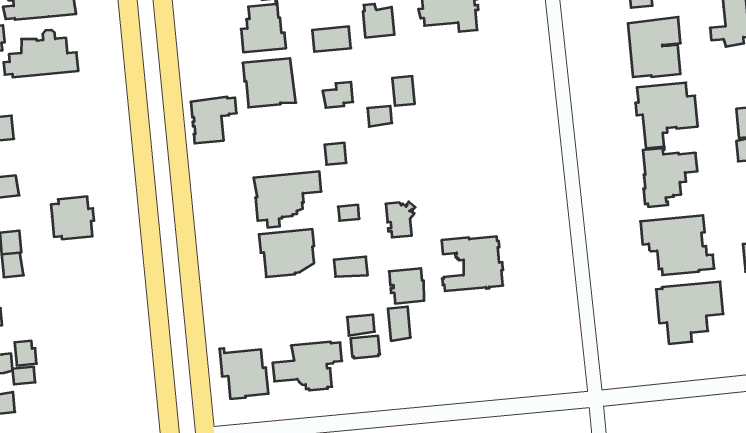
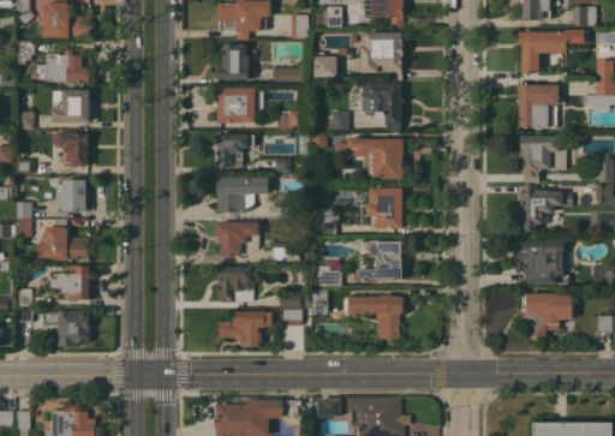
building: none -> [360,84,402,132]
building: none -> [50,89,90,123]
building: [191,97,237,143] -> [219,133,253,167]
building: none -> [334,137,404,179]
building: none -> [52,132,88,166]
building: none -> [365,187,402,228]
building: none -> [37,219,89,261]
building: none -> [50,264,89,299]
building: none -> [344,294,404,339]
building: [219,348,268,399] -> [217,263,252,303]
building: none -> [41,310,90,346]

